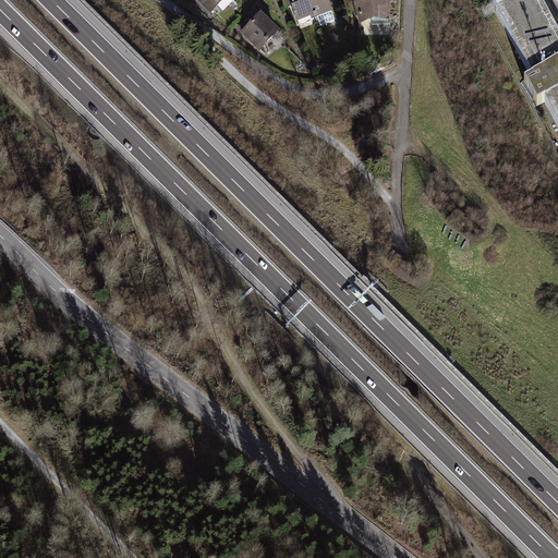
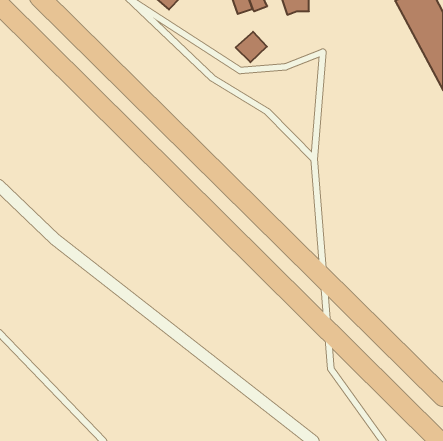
building: [241,11,280,49] -> [236,32,267,62]

